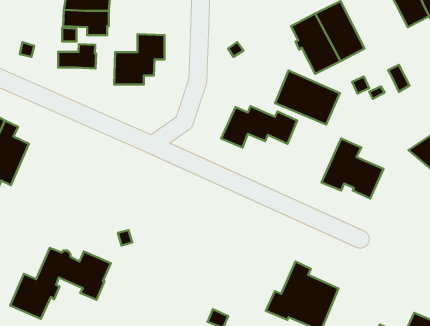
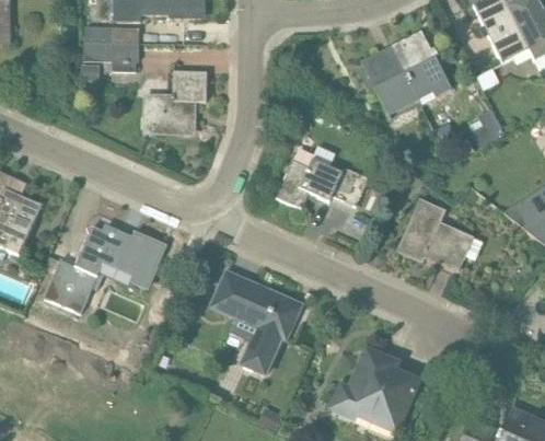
building: [58,44,96,68] -> none
building: [275,71,340,125] -> none
building: none -> [210,267,301,376]
building: [10,248,111,319] -> [44,225,166,312]

